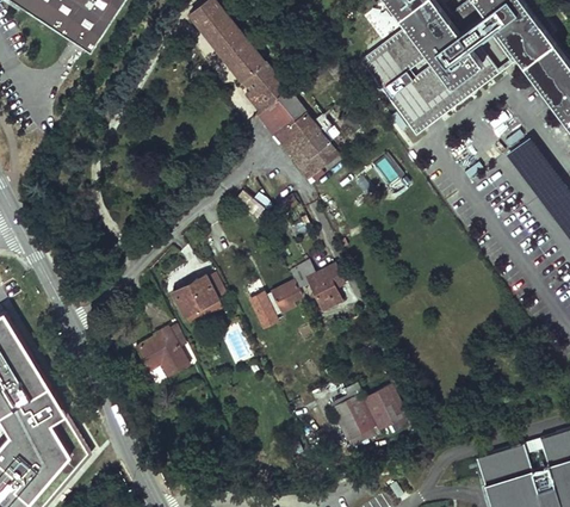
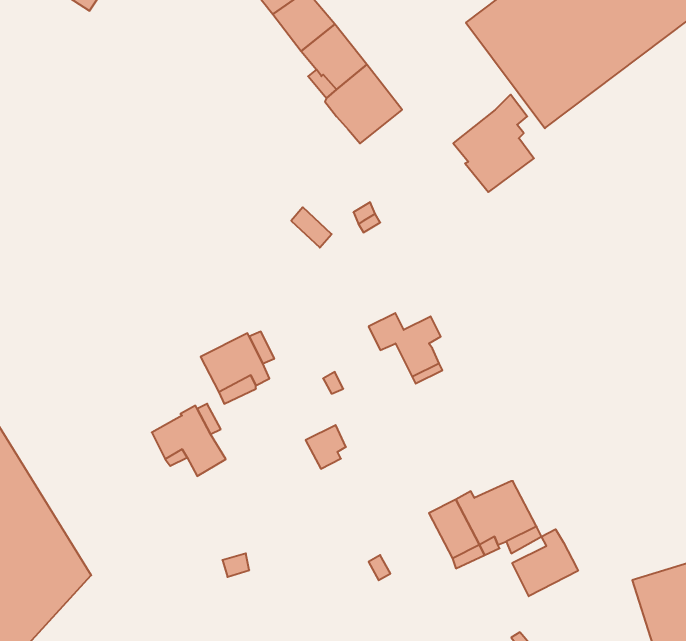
building: [283,111,340,180] -> [453,95,534,192]
building: [268,286,297,317] -> [306,425,346,469]
building: none -> [512,529,578,596]

